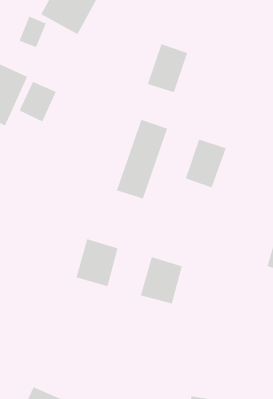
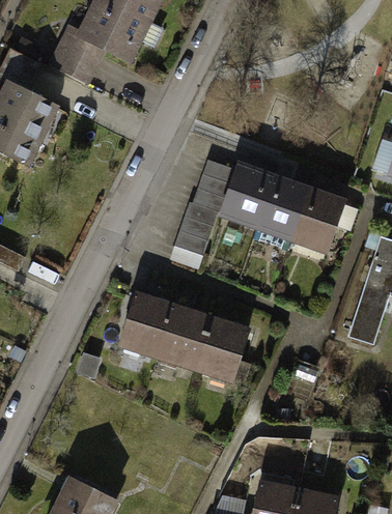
building: [147,43,188,93] -> [220,169,270,229]
building: [19,81,57,122] -> none
building: none -> [286,192,337,252]
building: none -> [161,312,213,370]

